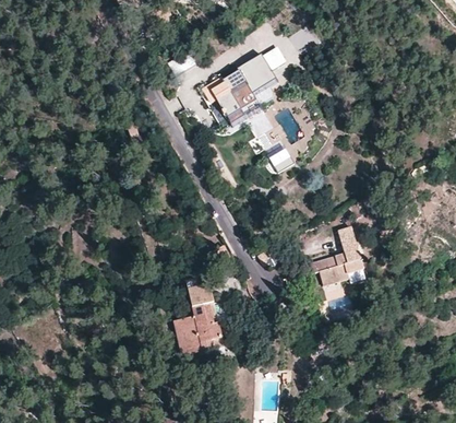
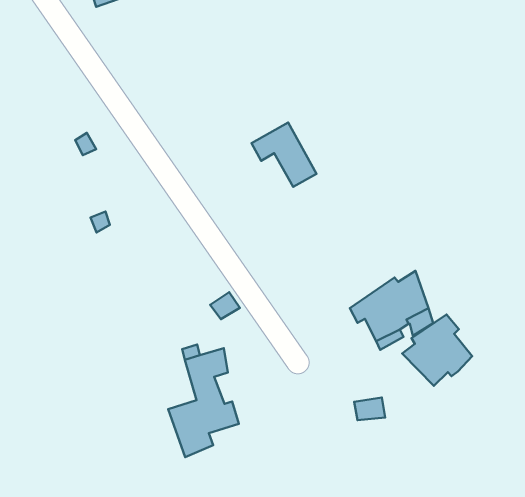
building: [206,52,279,120] -> none
building: none -> [402,314,472,386]

